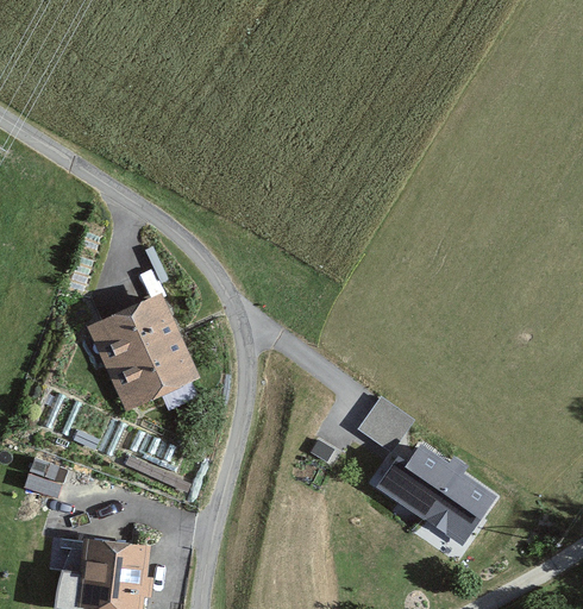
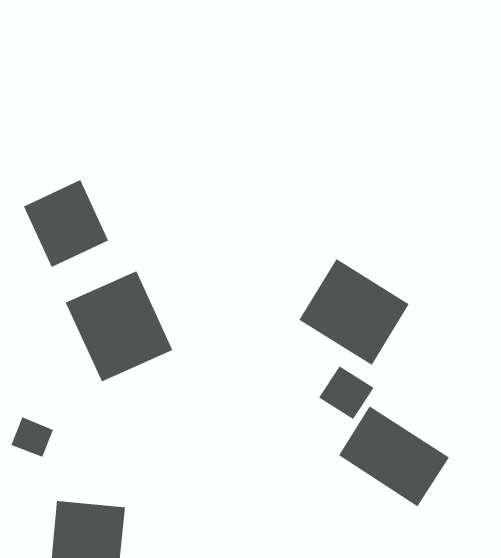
building: none -> [23,179,109,268]
building: none -> [299,258,410,366]

